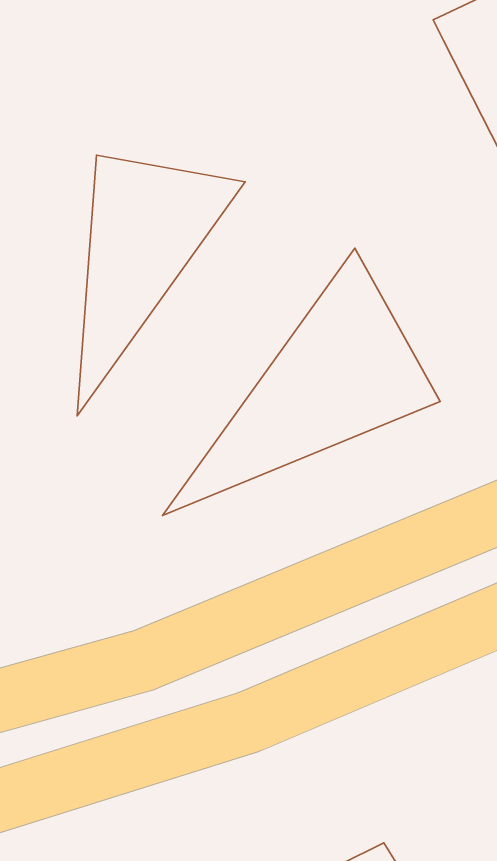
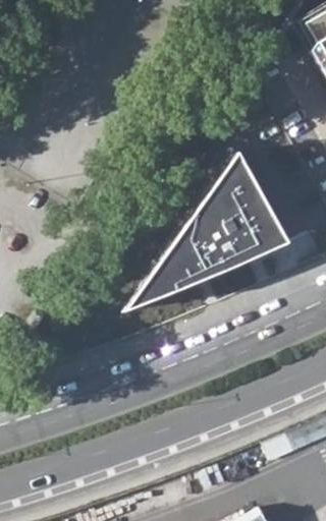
building: [77,155,245,416] -> none

